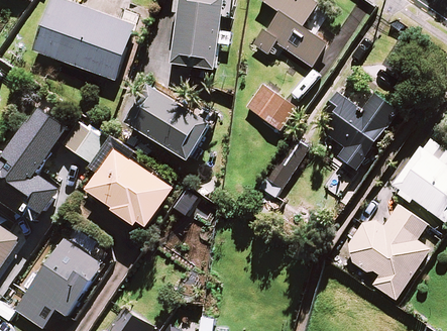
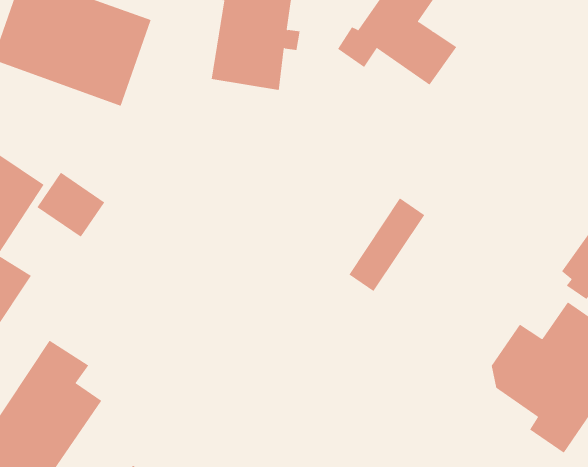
building: [245,84,294,130] -> none
building: [126,86,211,160] -> none
building: [325,89,399,181] -> none
building: [88,137,173,231] -> none

